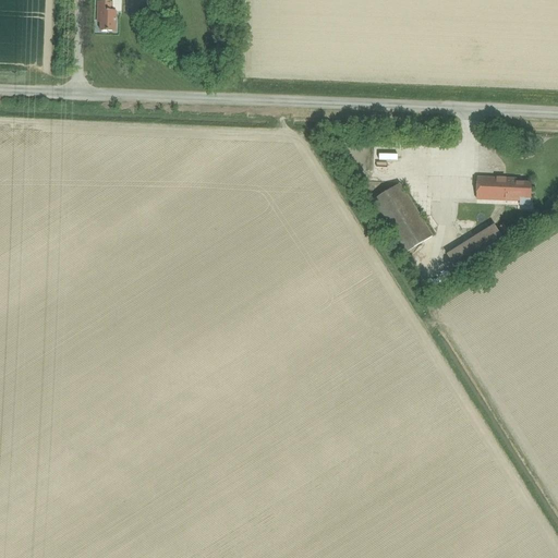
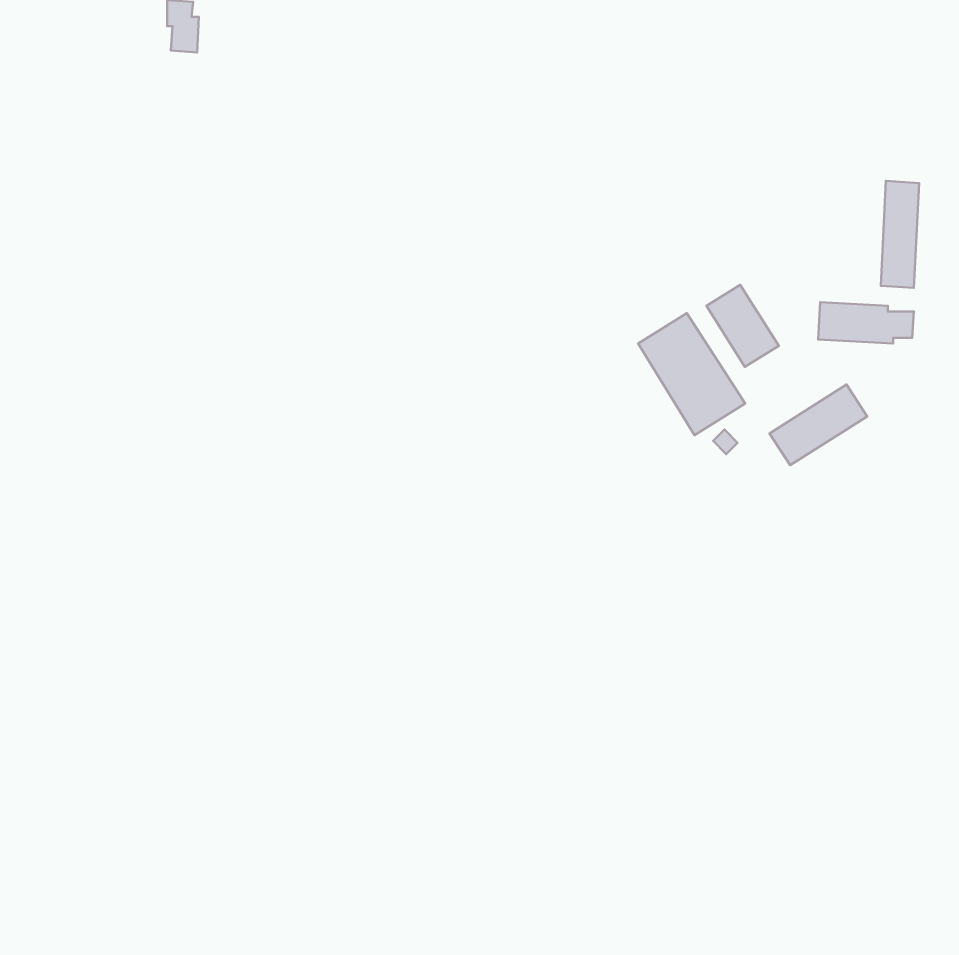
building: none -> [881,181,919,288]
building: none -> [706,285,779,367]

